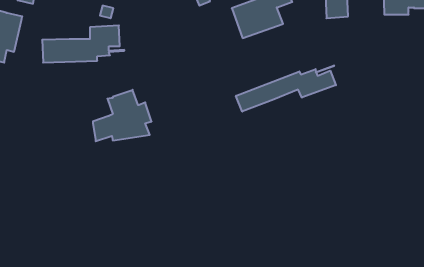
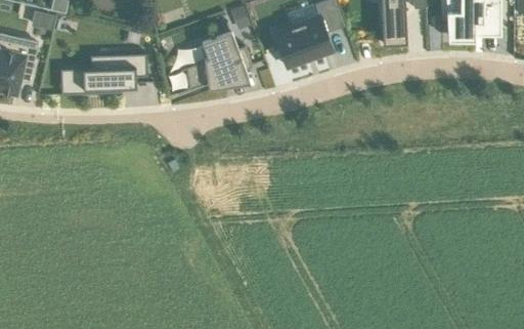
building: [236,65,336,112] -> none
building: [93,90,152,141] -> [185,31,252,89]

